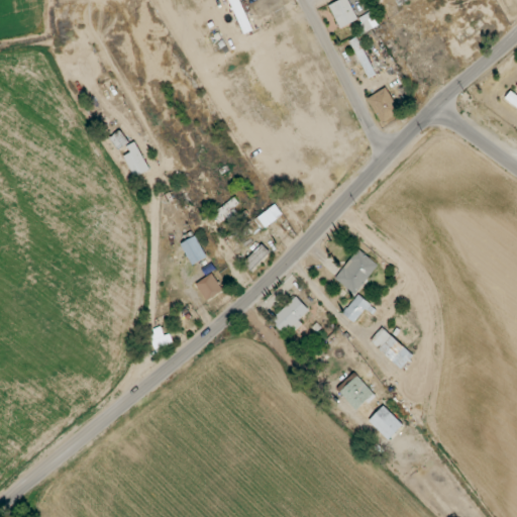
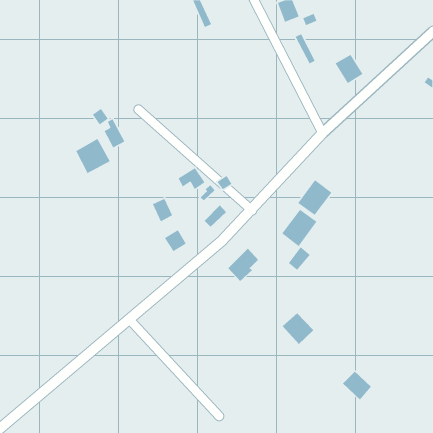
building: [366,87,400,123] -> [335,54,363,84]
building: none -> [75,138,111,174]
building: none -> [297,179,332,216]
building: [370,326,413,369] -> none
building: [368,405,403,440] -> [342,371,372,400]

